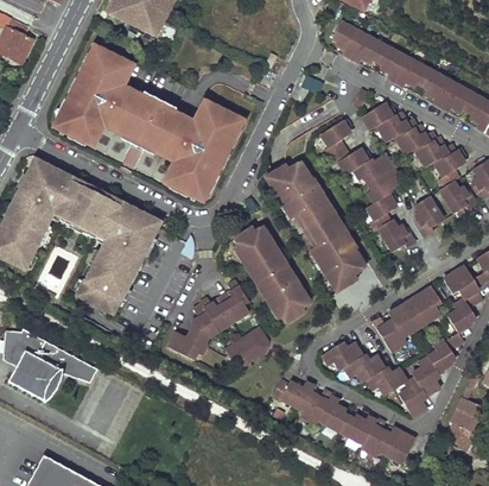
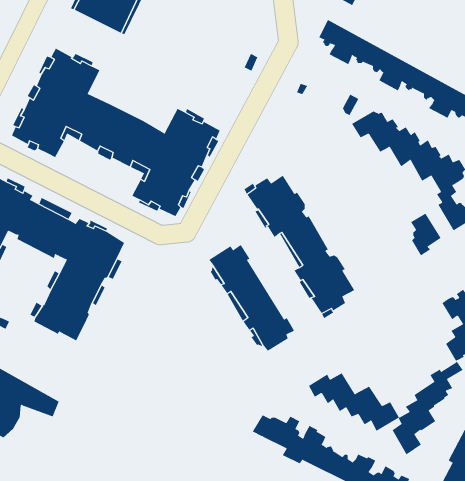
building: [320,118,415,251] -> none
building: [167,279,249,360] -> none
building: [373,286,440,349] -> none
building: [226,330,266,368] -> none

